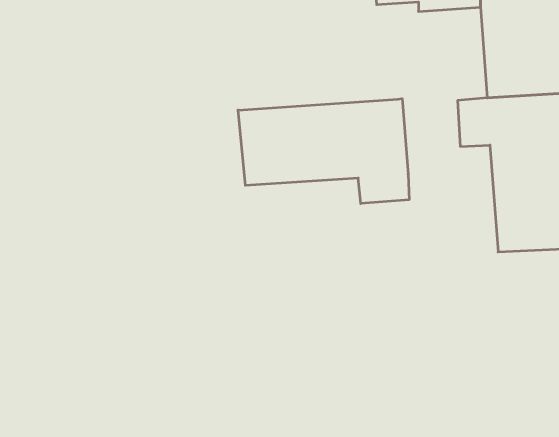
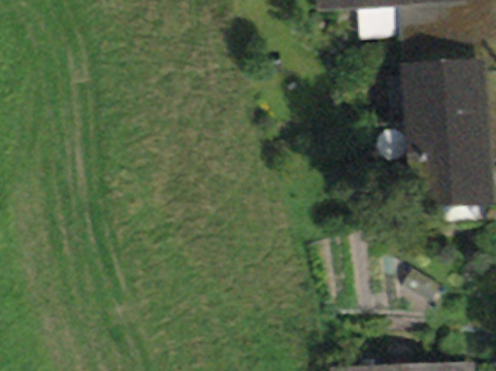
building: [238,99,409,204] -> none

